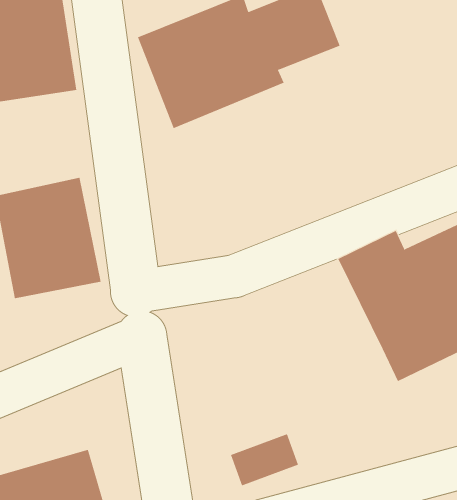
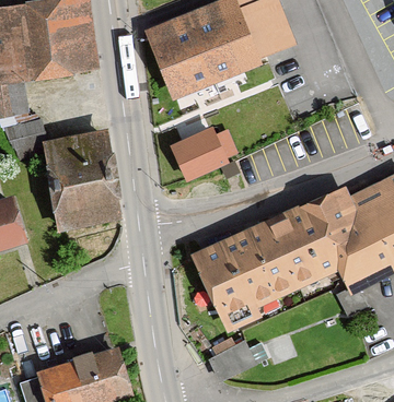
building: none -> [164,122,227,181]
building: none -> [184,201,333,326]

